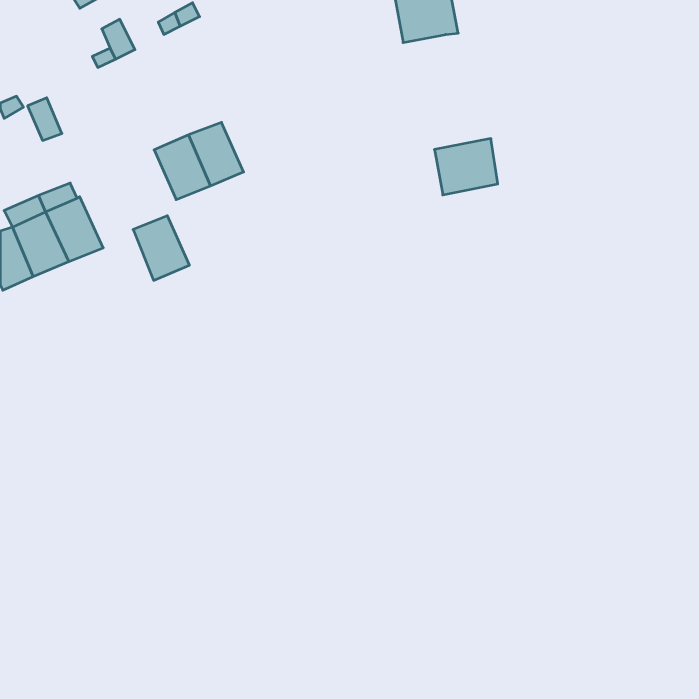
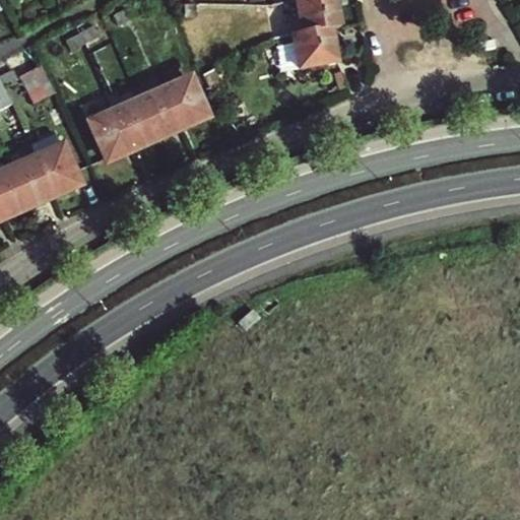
building: none -> [167,79,209,127]
building: [434,139,498,195] -> [290,25,337,67]
building: [133,216,189,280] -> [91,111,133,158]

